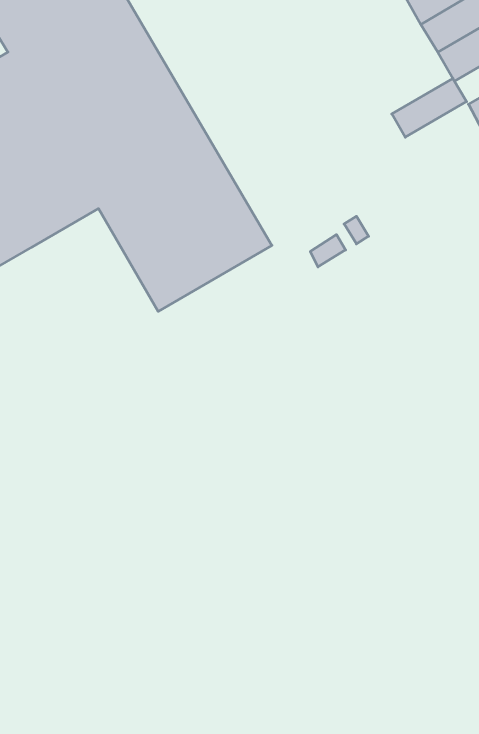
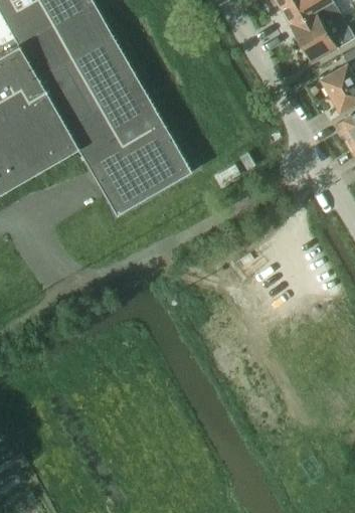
building: [392,78,467,137] -> none

